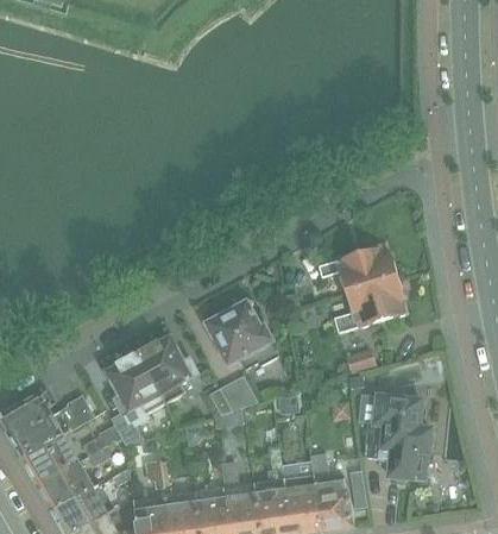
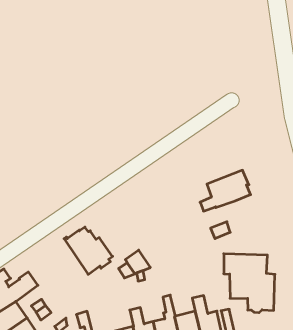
building: [320,245,398,290] -> none
building: [207,295,272,362] -> none
building: [111,351,166,442] -> none

